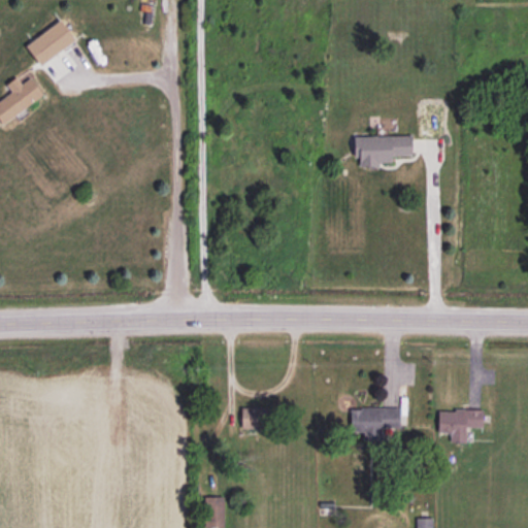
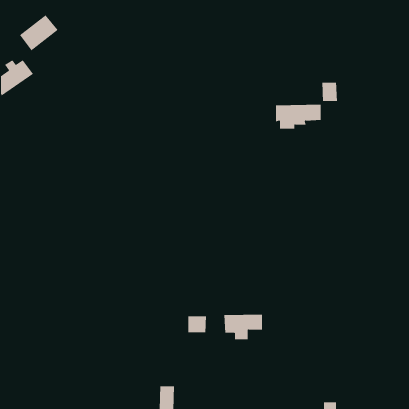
building: none -> [322,82,337,102]
building: [351,407,401,440] -> [224,314,263,340]
building: [438,409,486,442] -> none

